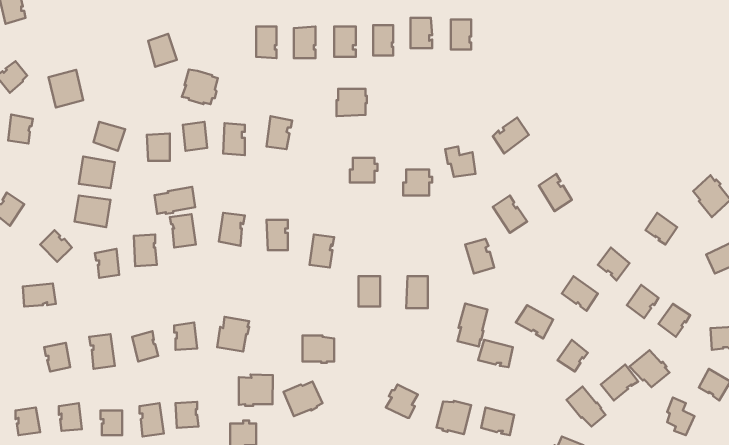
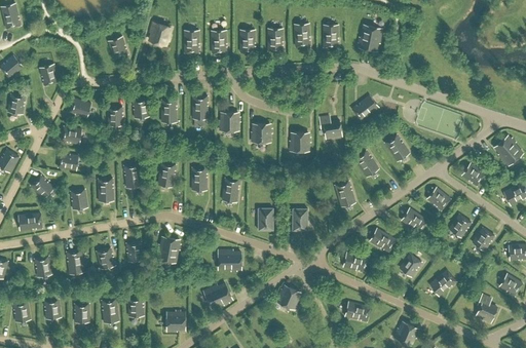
building: none -> [358,26,381,51]
building: [182,69,218,104] -> [147,22,173,46]
building: [337,89,367,116] -> [219,112,240,131]
building: [155,187,195,214] -> none
building: [457,304,488,346] -> none
building: [630,350,670,387] -> none
building: [239,374,273,406] -> none
building: [566,387,606,427] -> none
building: [437,401,471,434] -> none

